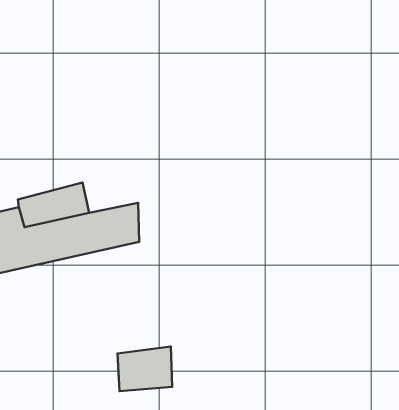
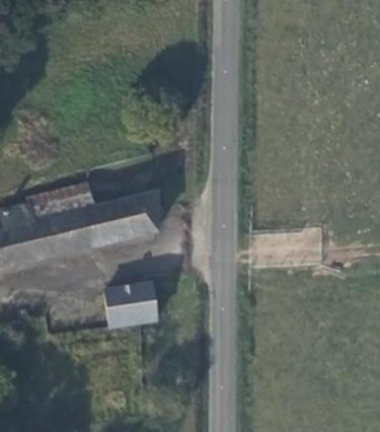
building: [117,347,172,391] -> [106,284,156,325]

